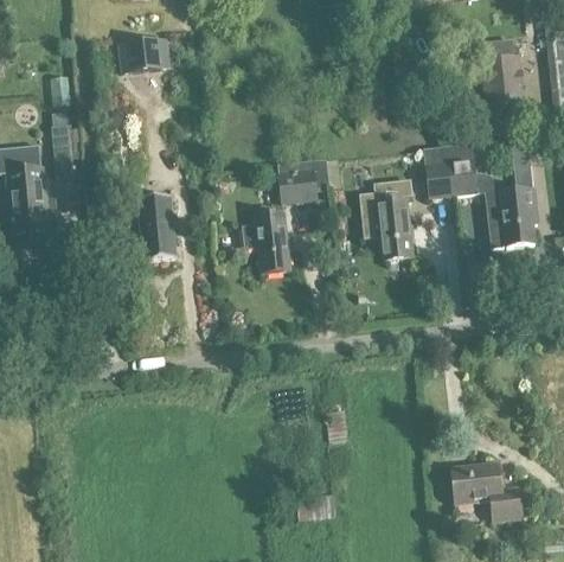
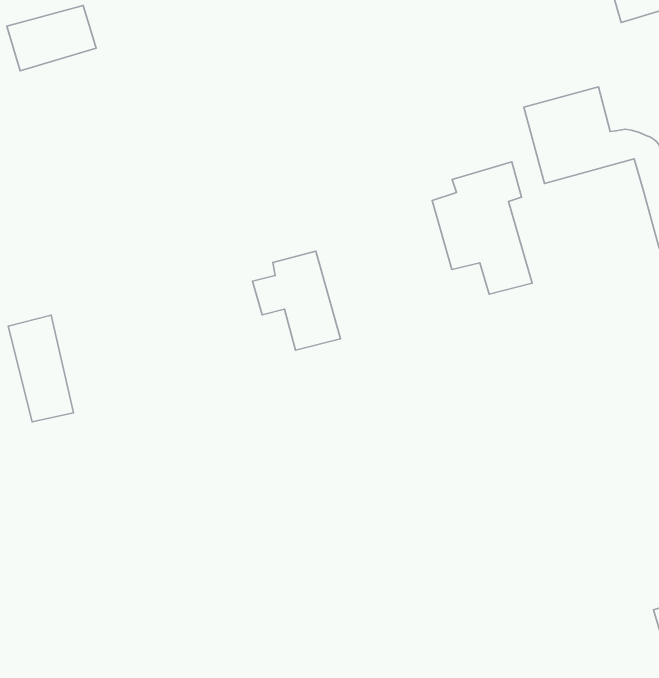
building: [281,160,341,200] -> none
building: [143,193,174,256] -> [8,315,74,422]

